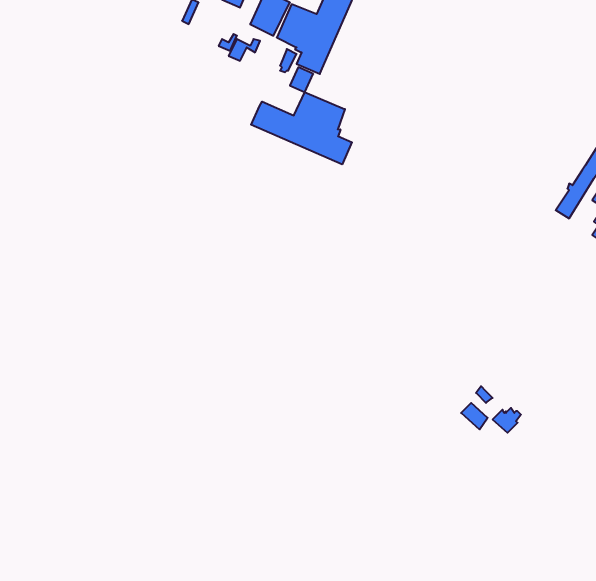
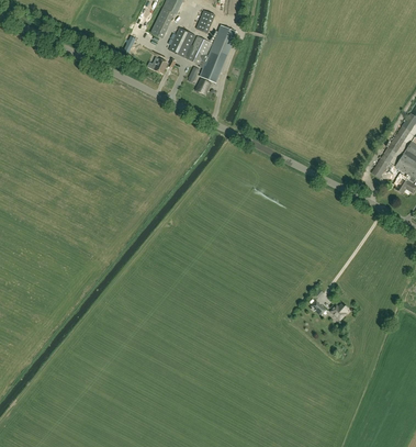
building: [251,92,352,164] -> none

